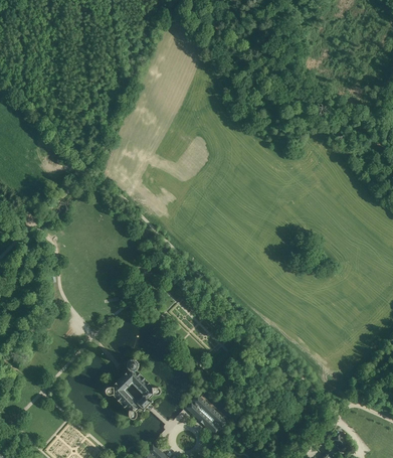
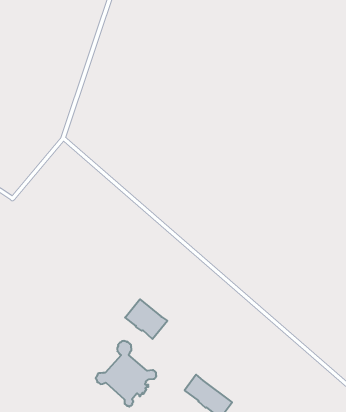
building: none -> [125,299,167,339]

